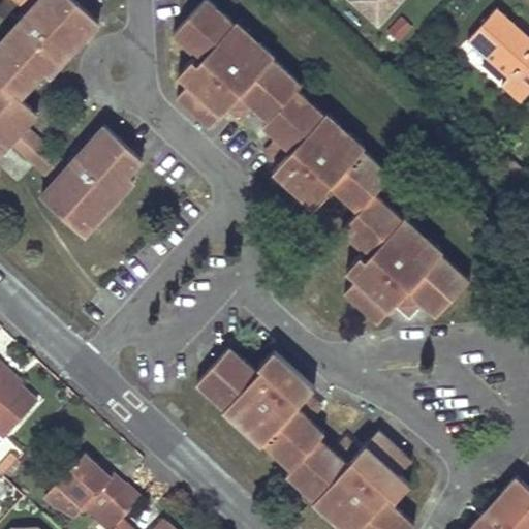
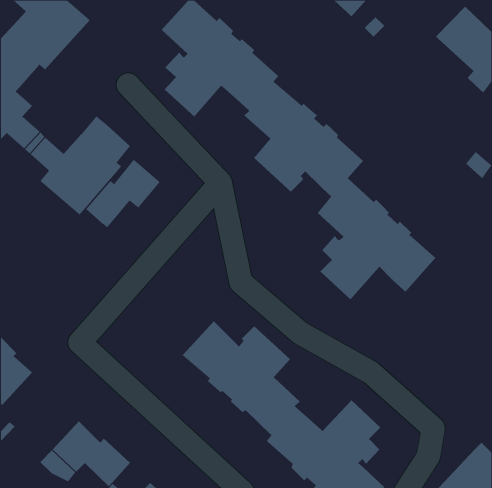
building: none -> [85,159,160,228]

